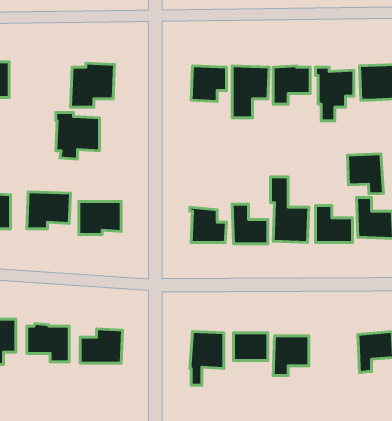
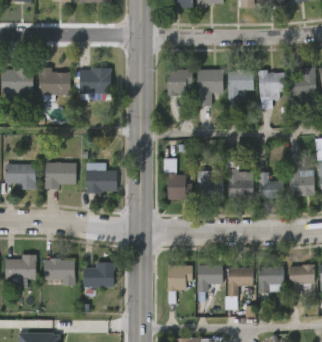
building: [56,112,99,159] -> [38,67,70,101]
building: [347,154,383,194] -> none
building: none -> [259,266,285,293]

